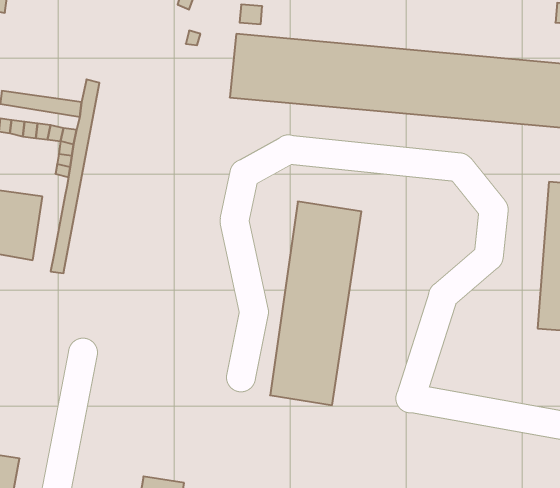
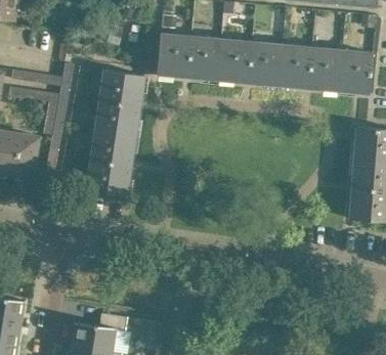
building: [270,202,361,405] -> [86,69,143,196]

